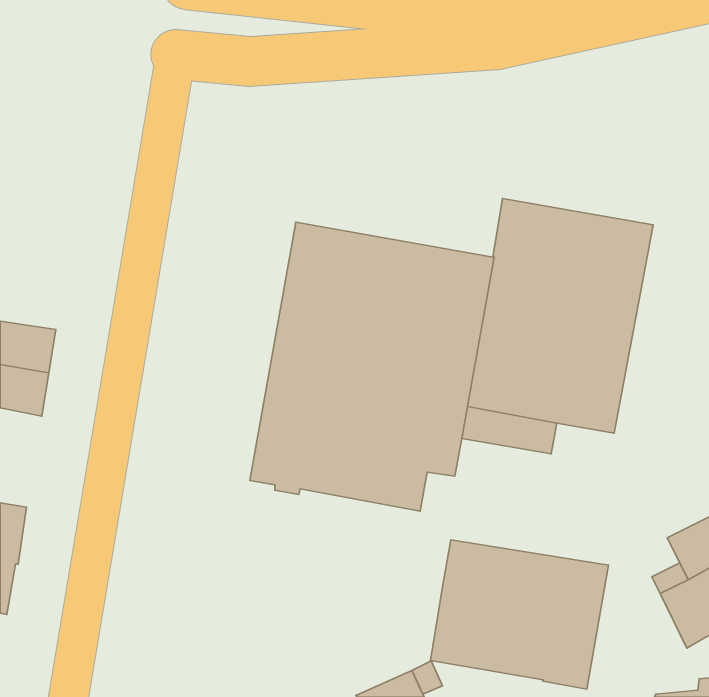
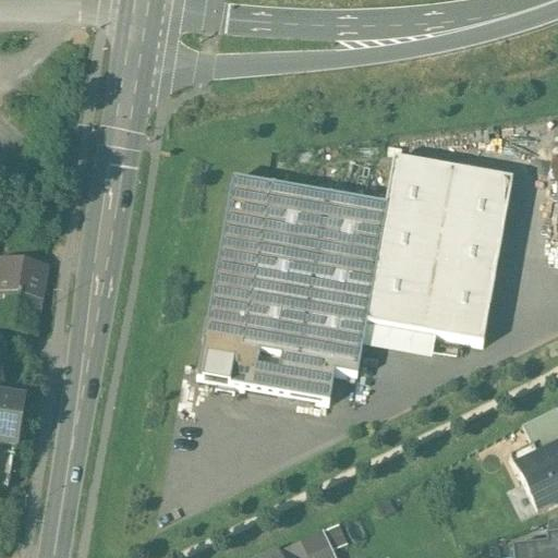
building: [430,540,608,689] -> none

